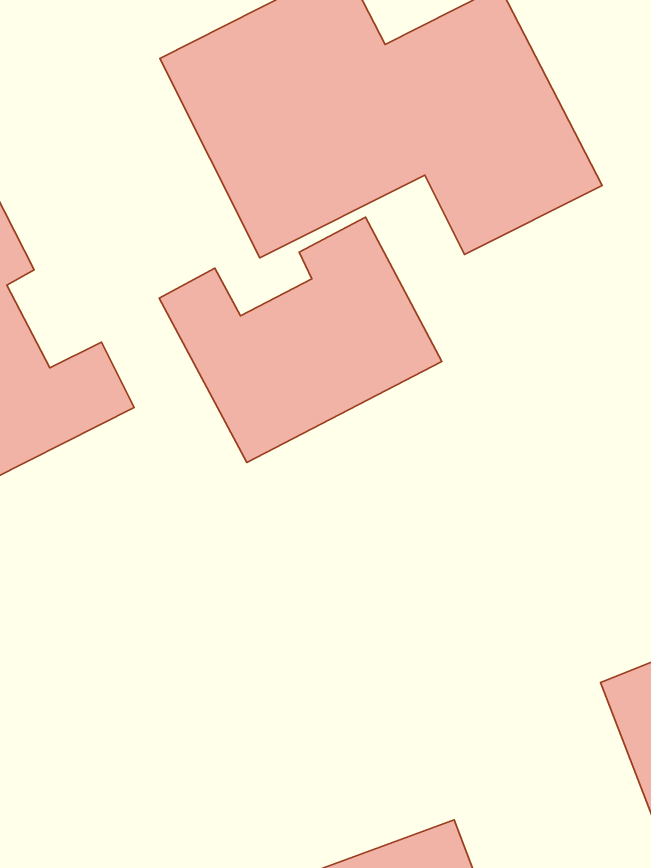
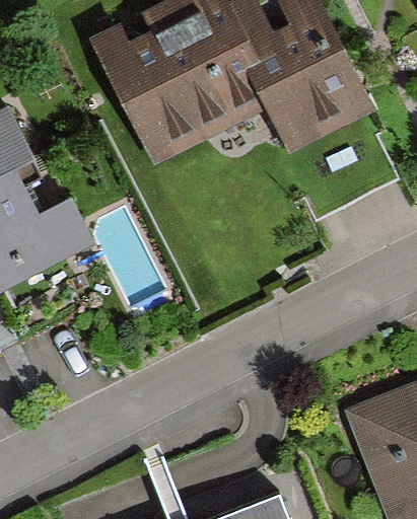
building: [159,217,442,463] -> none

